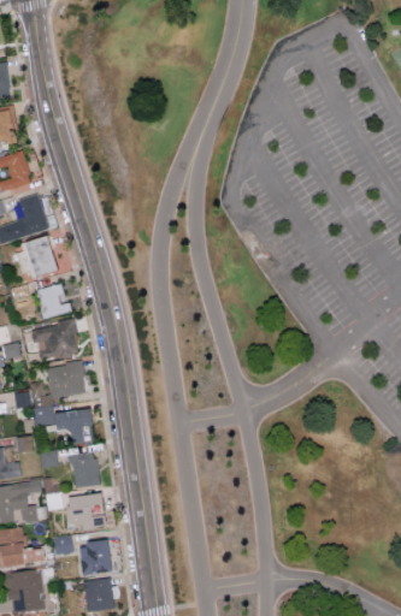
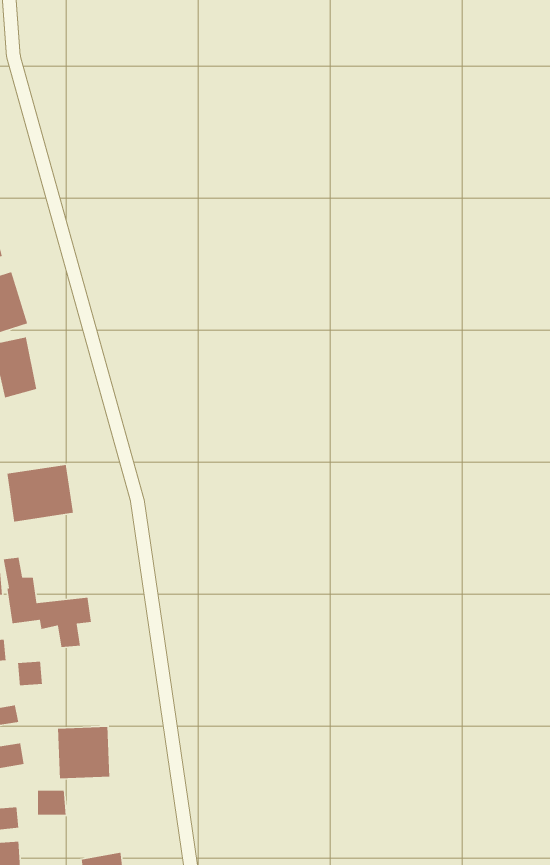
building: [36,284,71,319] -> none
building: [47,362,84,397] -> none
building: [71,454,98,486] -> none
building: [78,540,110,575] -> none

